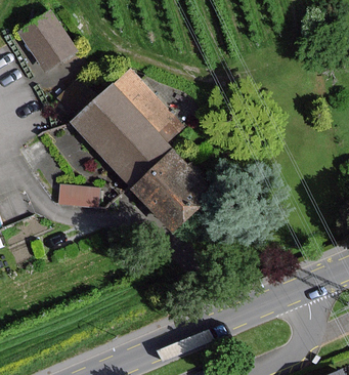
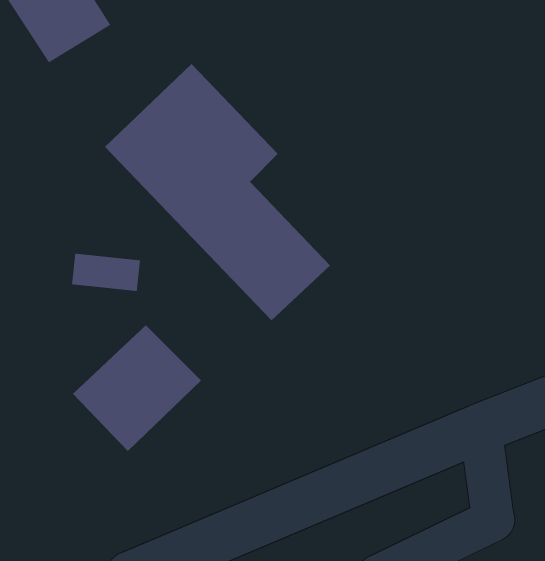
building: none -> [72,325,202,452]

